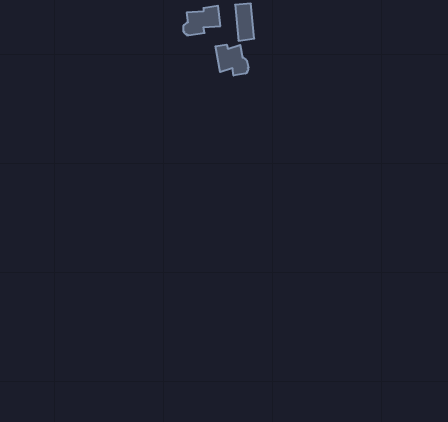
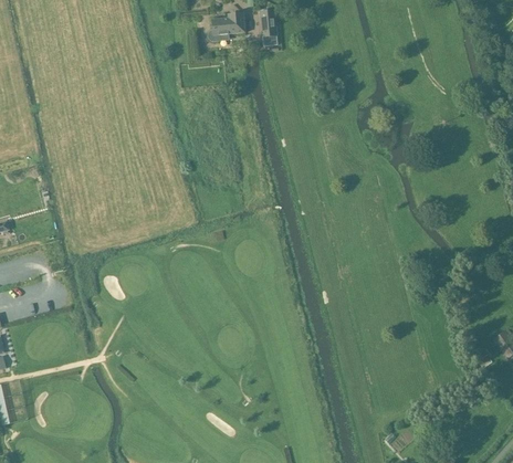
building: [215,45,249,76] -> none

